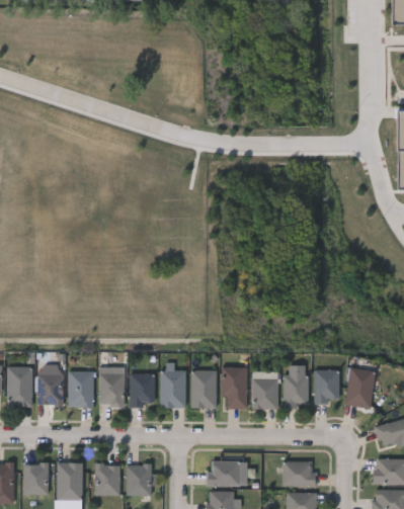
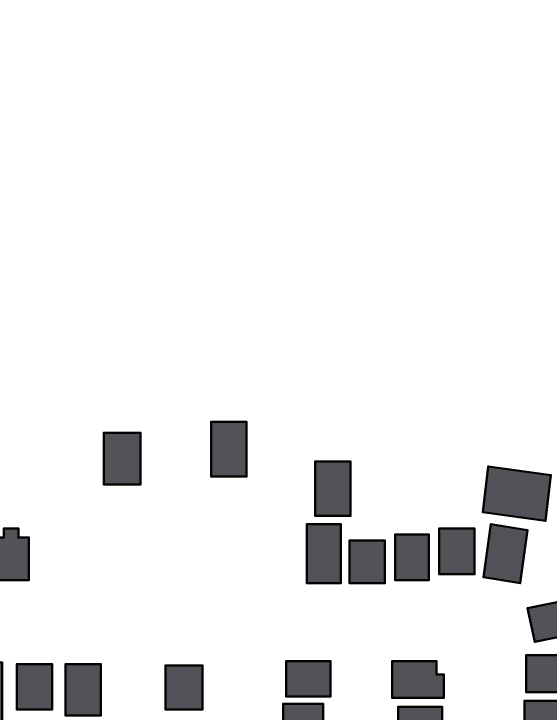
building: none -> [483,467,551,521]
building: [160,370,184,408] -> [211,422,246,476]
building: [191,370,216,408] -> [315,462,351,516]
building: [68,371,93,407] -> [104,433,141,484]
building: [98,373,124,406] -> none
building: [130,373,154,407] -> none
building: [37,374,62,406] -> none
building: [95,463,119,495] -> none

